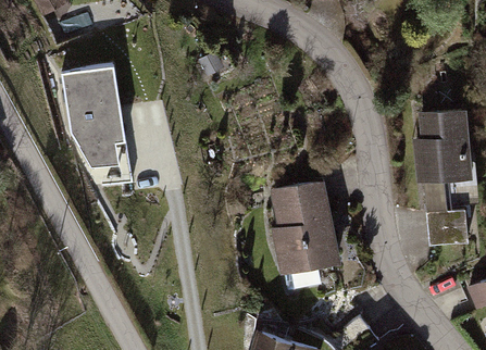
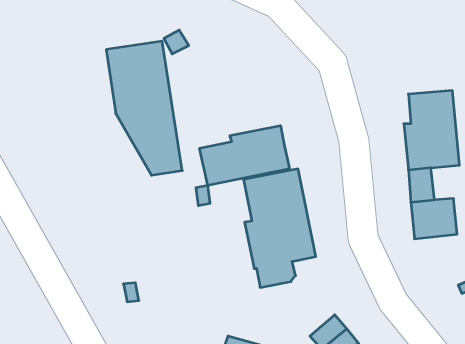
building: [62,64,132,187] -> [106,41,182,175]
building: none -> [200,126,289,185]

